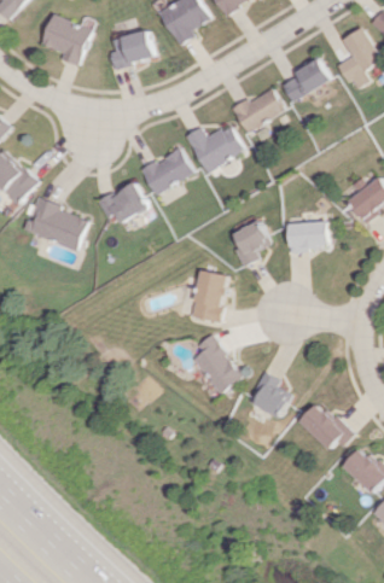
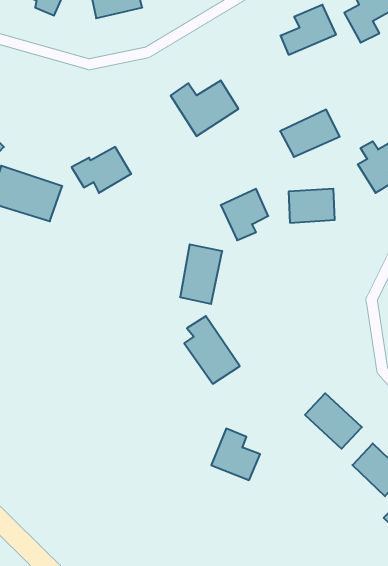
building: [229,88,283,130] -> [280,110,340,157]
building: [136,148,190,193] -> none
building: [249,371,292,416] -> [211,429,260,480]

